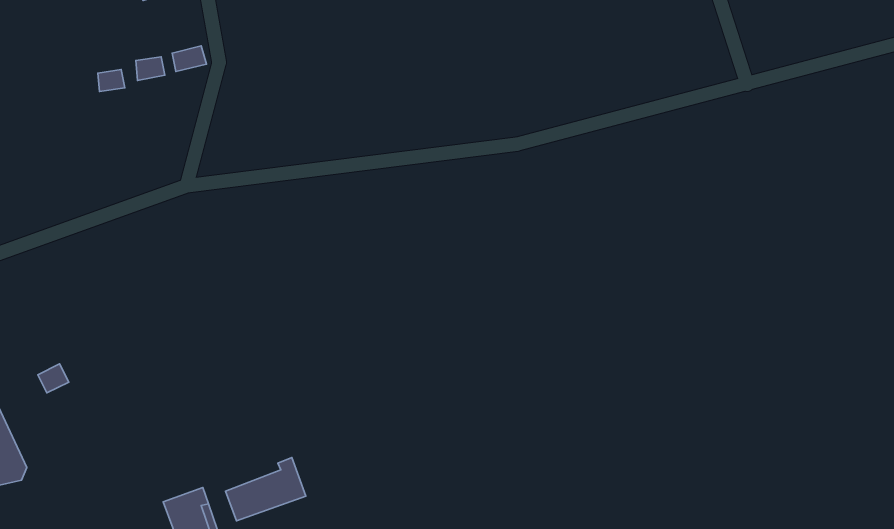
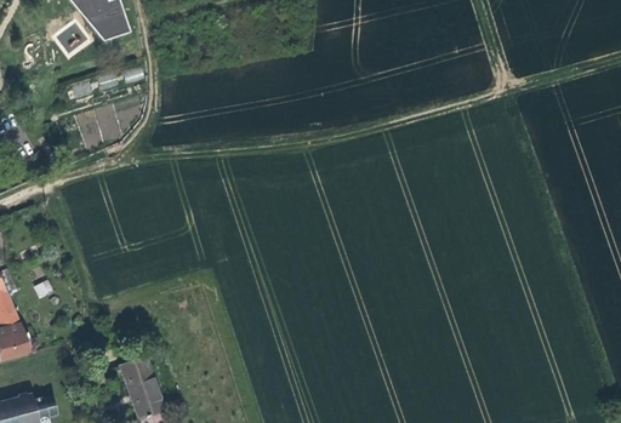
building: [226,458,306,521] -> none

